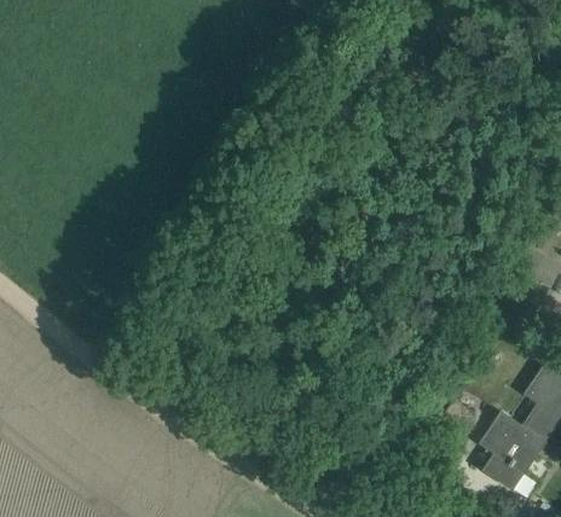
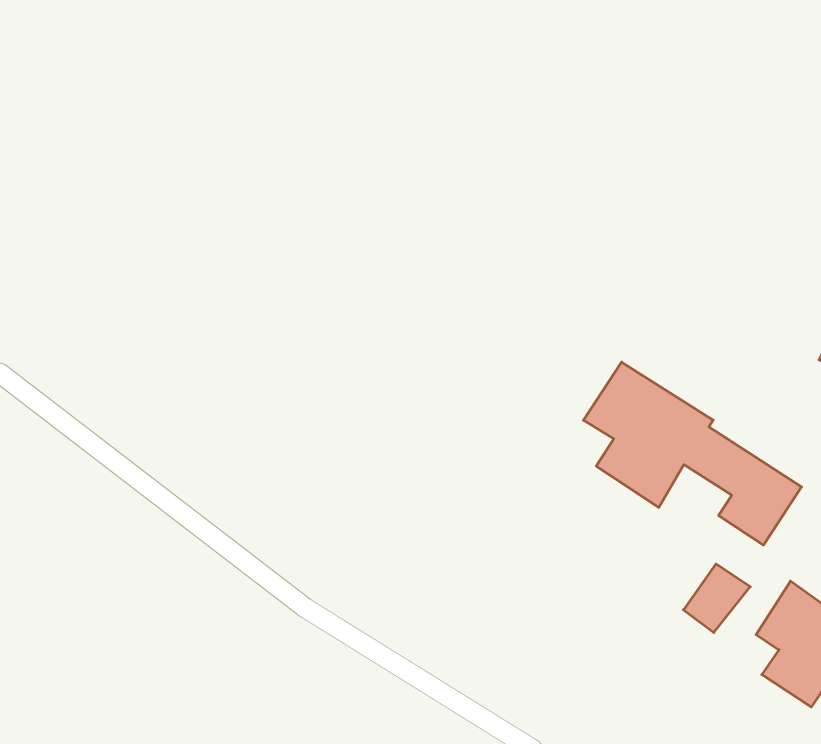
building: none -> [583,362,802,545]

